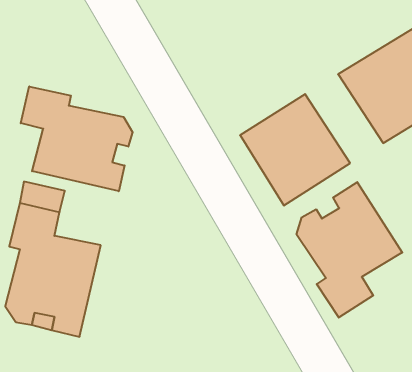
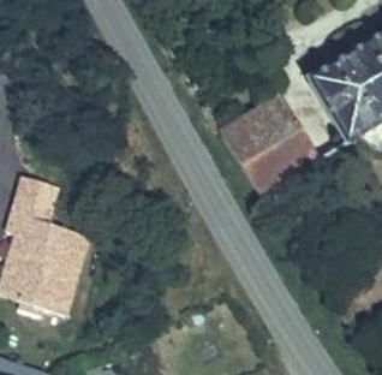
building: [21,86,133,191] -> none
building: [297,182,402,318] -> none

